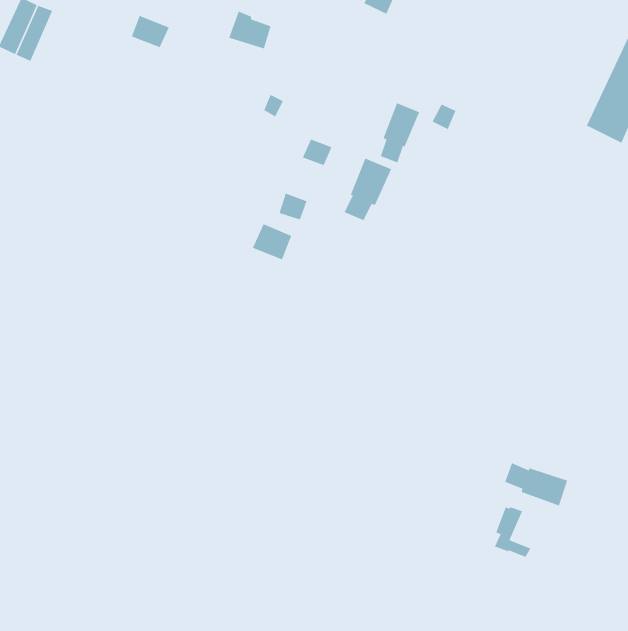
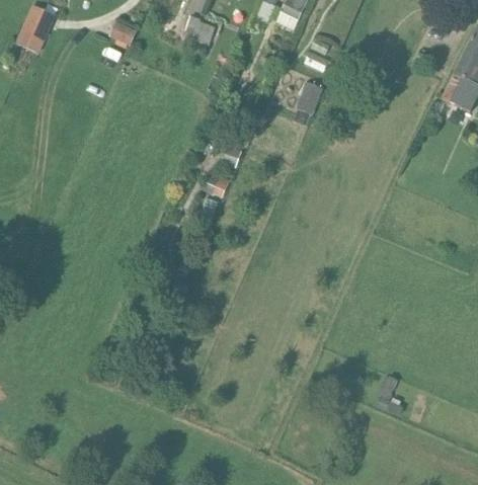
building: [343,158,392,221] -> none
building: [504,462,568,506] -> none

